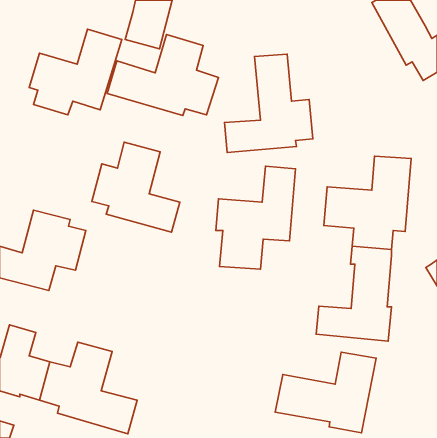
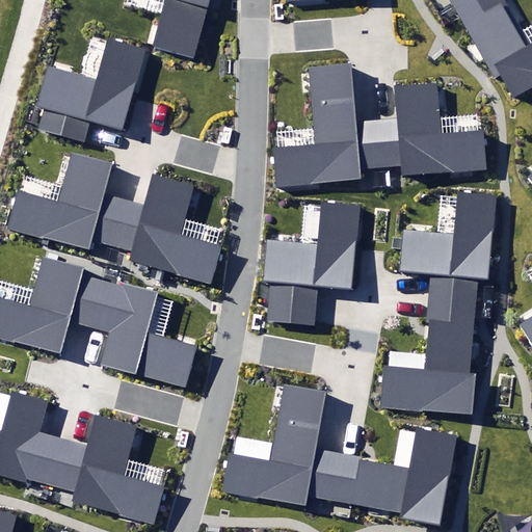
building: [107,34,218,115] -> none
building: none -> [375,84,484,177]
building: none -> [7,151,124,249]
building: none -> [91,280,193,384]
building: none -> [223,384,343,506]

